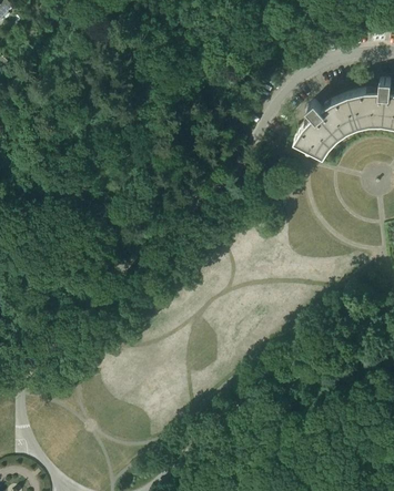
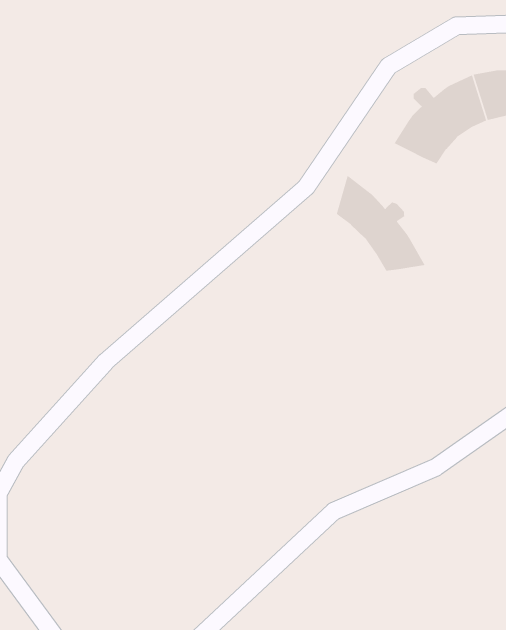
building: none -> [336,174,426,271]

